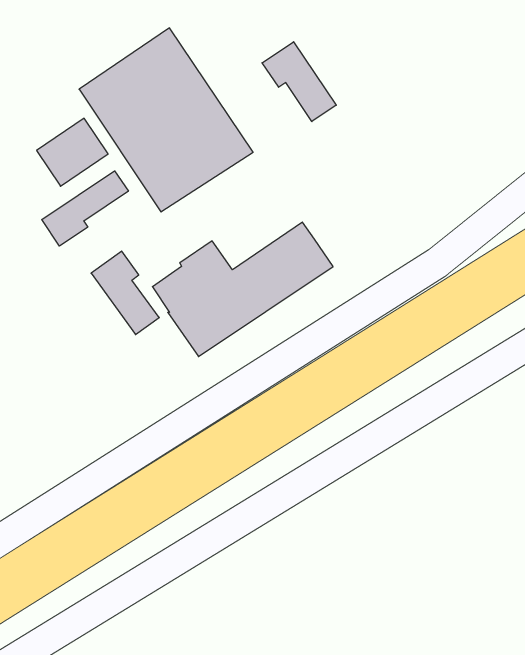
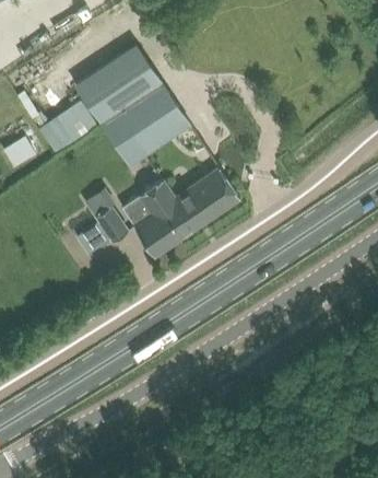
building: [262,42,336,122] -> none
building: [42,171,128,246] -> none

